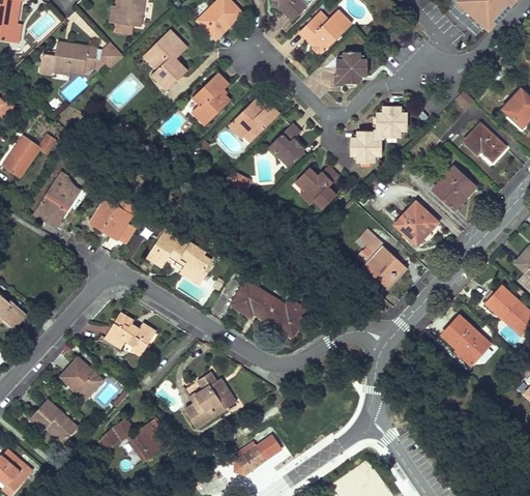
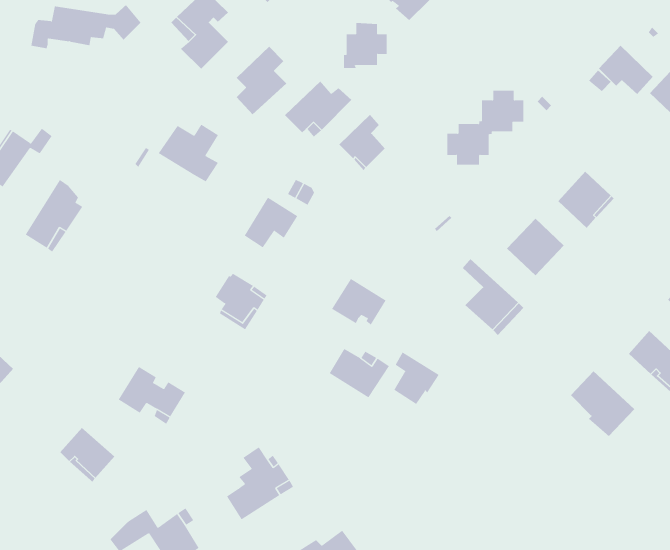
building: [334,51,367,85] -> [343,23,387,68]
building: [464,123,505,161] -> [598,45,654,95]
building: [296,166,338,208] -> none
building: [90,200,136,243] -> [158,124,219,182]
building: [147,229,187,267] -> [244,197,298,248]
building: [232,282,273,317] -> [331,278,387,325]
building: none -> [394,352,440,405]
building: [30,399,78,441] -> none

